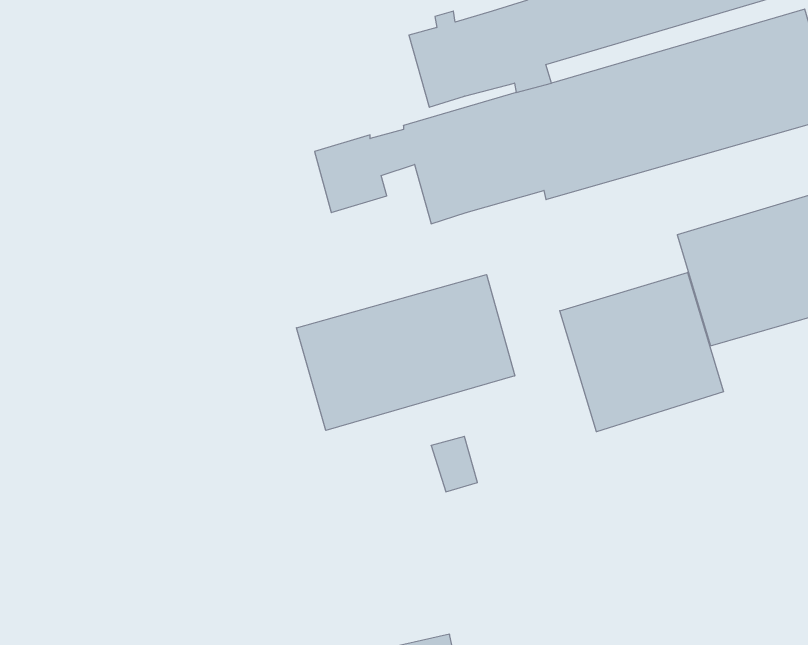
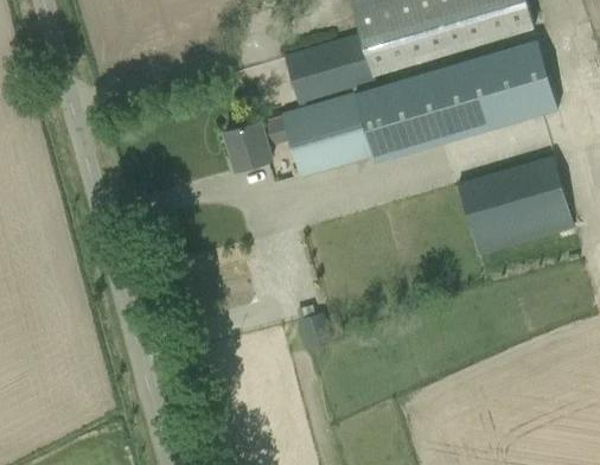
building: [560,272,723,432] -> none
building: [296,275,515,430] -> none

